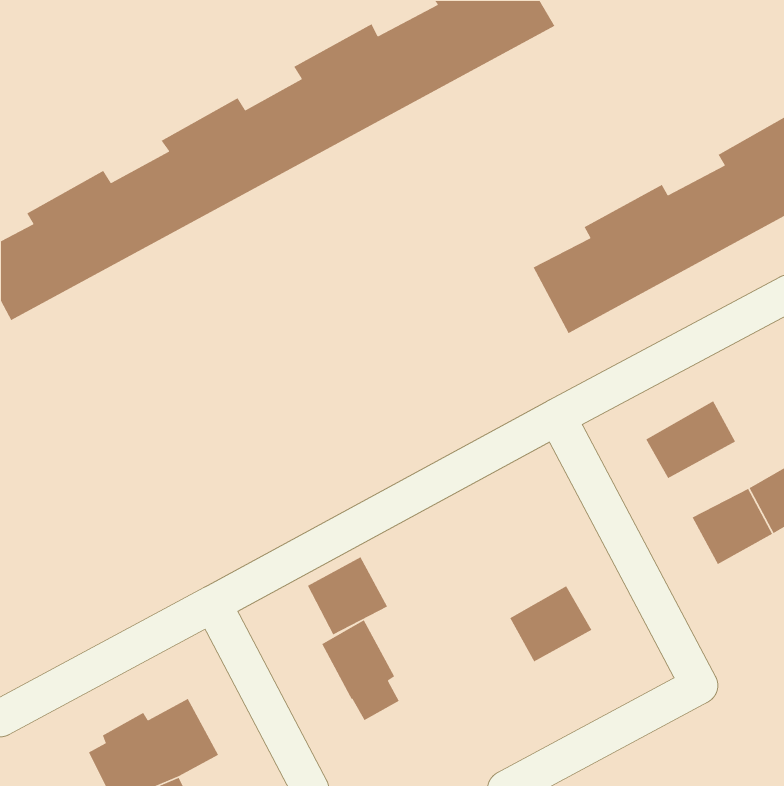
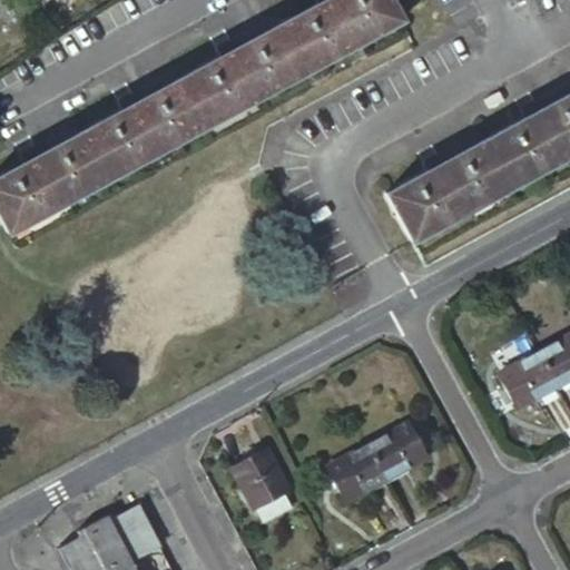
building: [645,400,736,479] -> none
building: [307,556,388,635] -> none
building: none -> [331,448,389,502]

